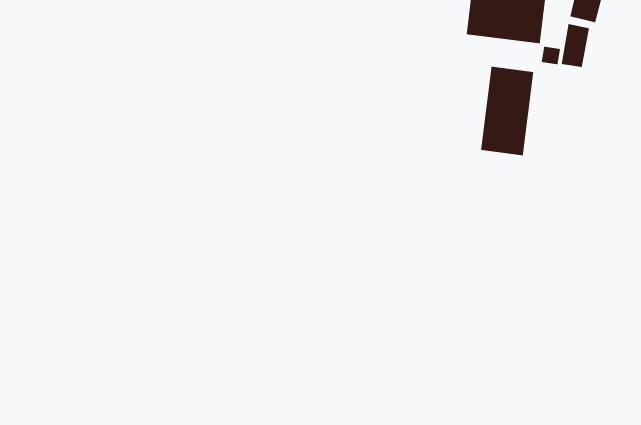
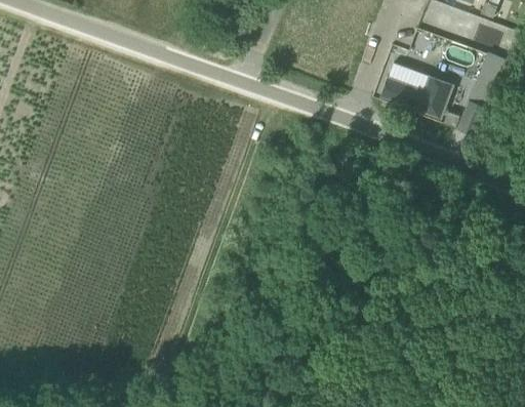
building: [480,66,534,156] -> none

